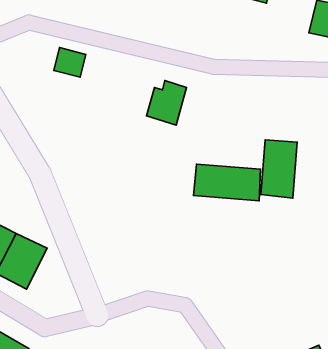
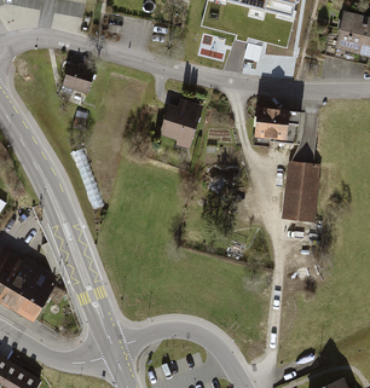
building: none -> [255,108,294,143]
building: [194,164,261,201] -> none

